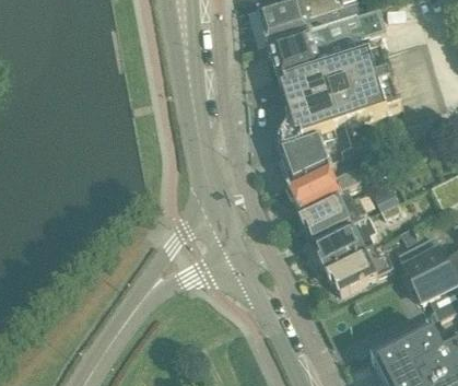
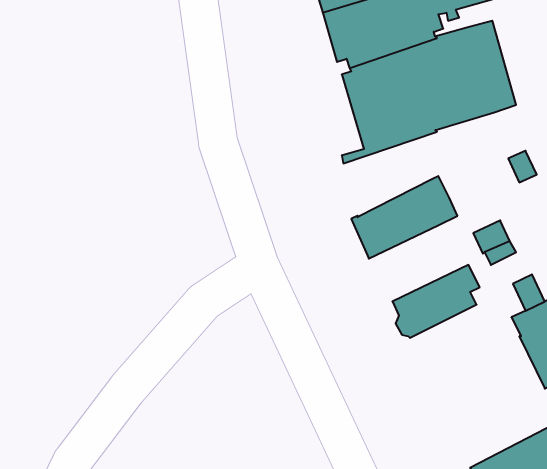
building: [278,122,351,182] -> none
building: [297,187,365,236] -> none
building: [325,242,391,289] -> none

